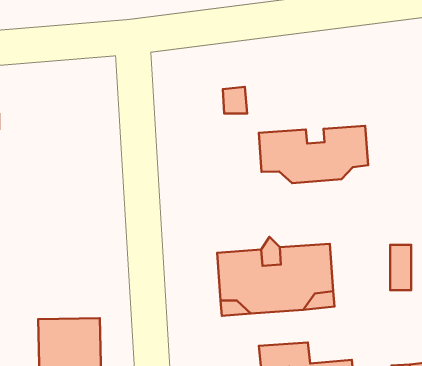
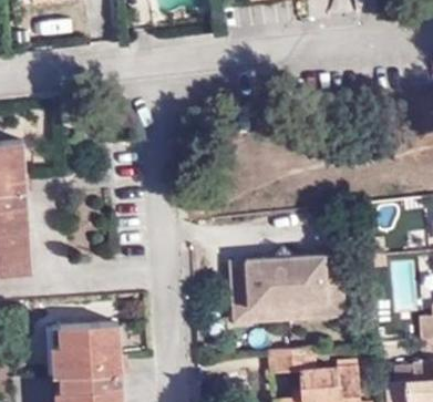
building: [259,126,368,183] -> none

